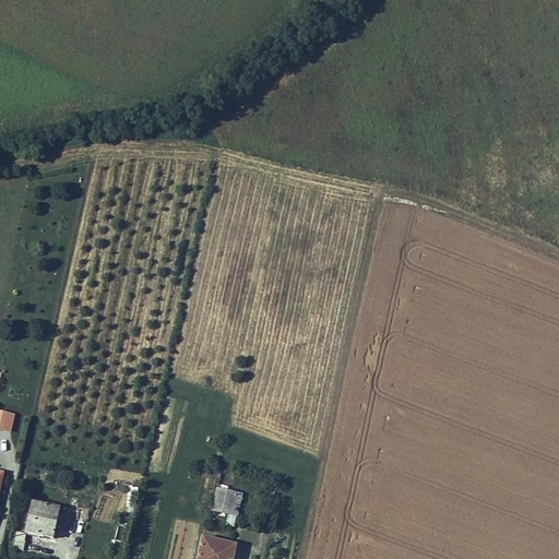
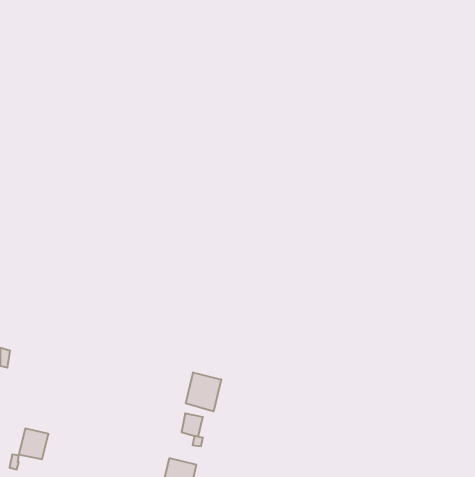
building: none -> [186,372,221,411]

